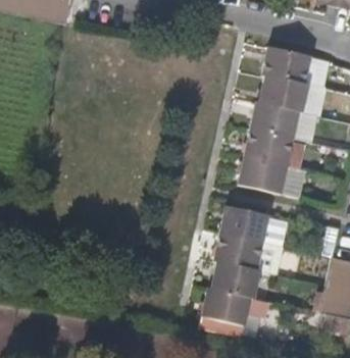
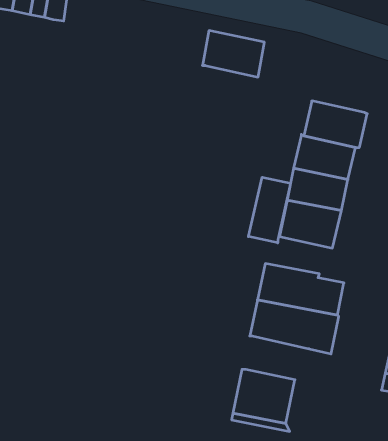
building: [261,56,310,93] -> [202,31,264,77]
building: none -> [248,177,291,243]
building: [211,269,261,305] -> none

